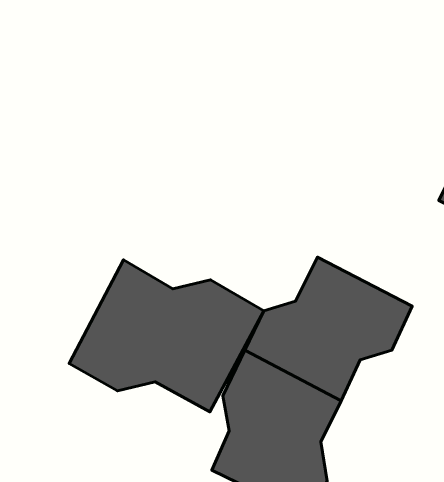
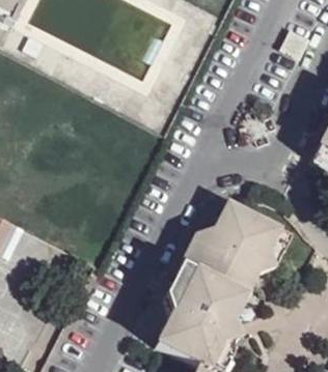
building: [69,260,264,412] -> none

